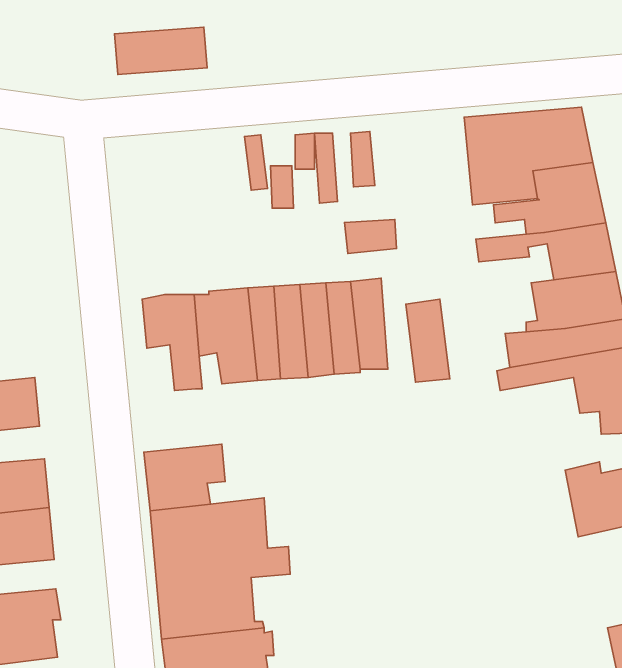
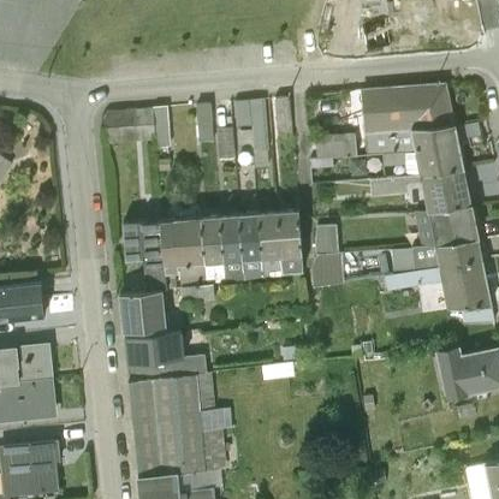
building: [114,27,207,74] -> [100,111,168,145]
building: [344,219,397,254] -> [316,135,355,160]
building: none -> [119,291,166,333]

